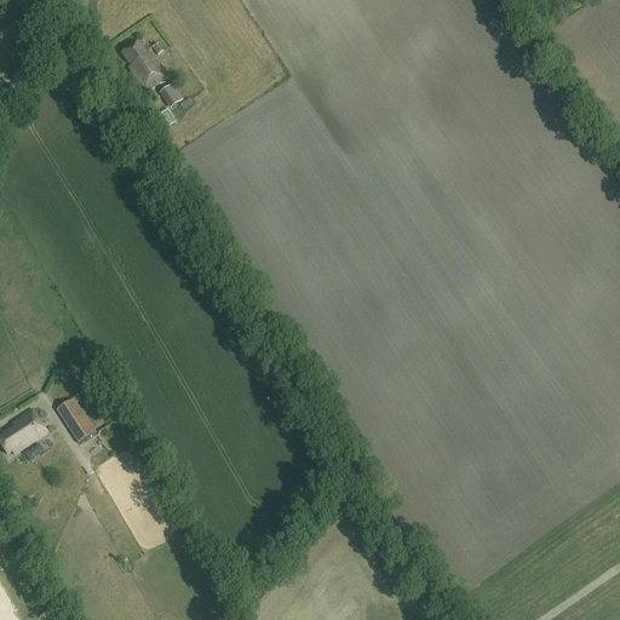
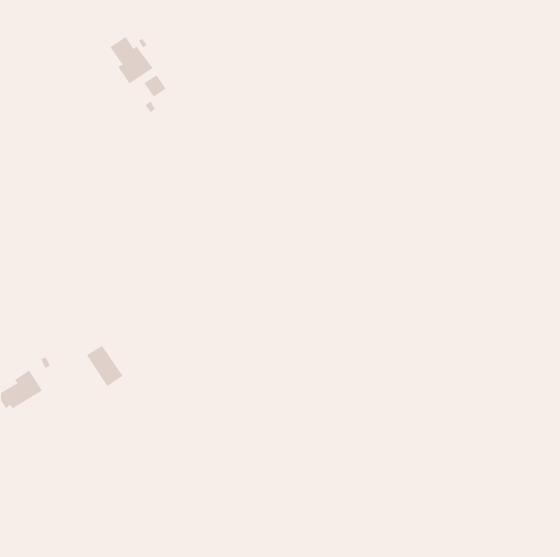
building: [56,397,97,443] -> [86,345,123,387]

